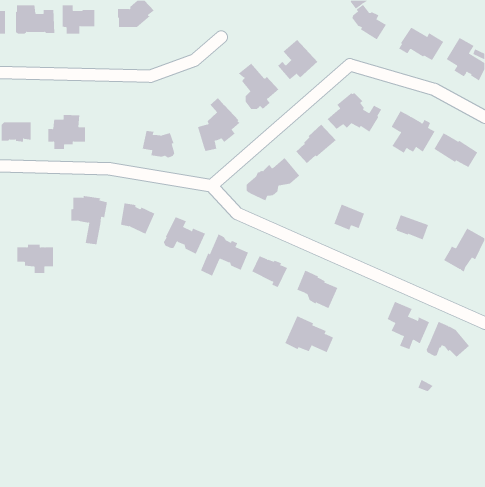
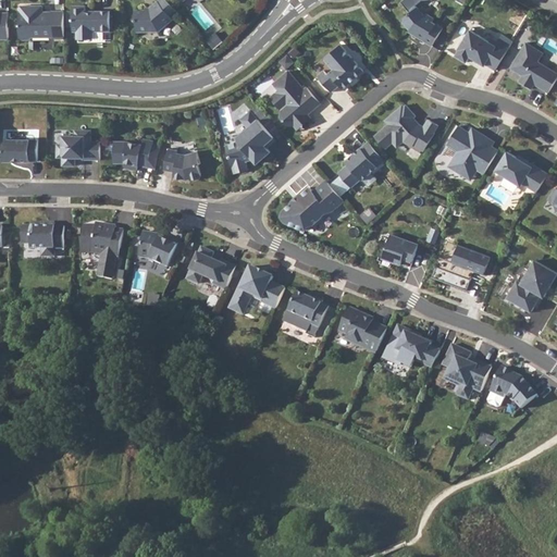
building: none -> [112,139,151,170]
building: [17,244,54,274] -> [21,223,63,257]
building: [284,316,334,353] -> [383,324,440,367]

